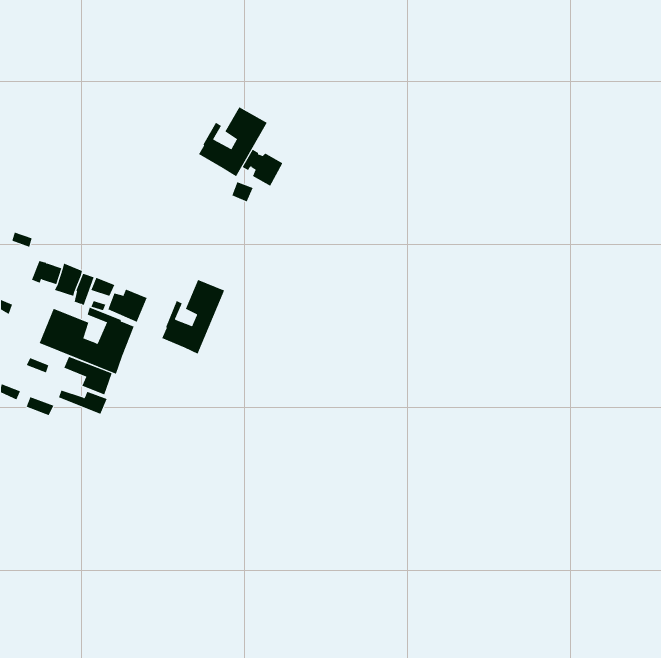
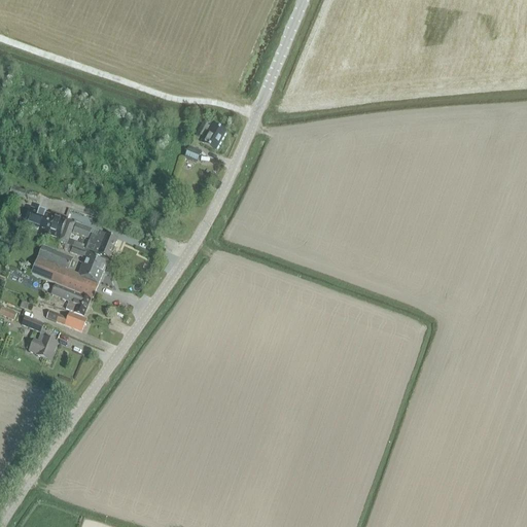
building: [198,106,267,177] -> none
building: [162,279,225,355] -> none
building: none -> [28,333,57,358]

